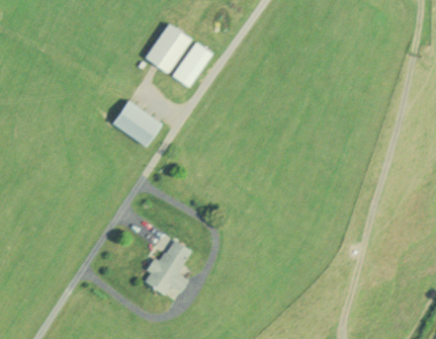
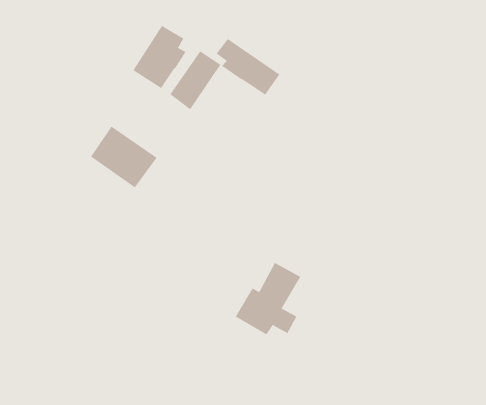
building: none -> [216,38,280,96]
building: [142,239,192,294] -> [235,262,301,335]

